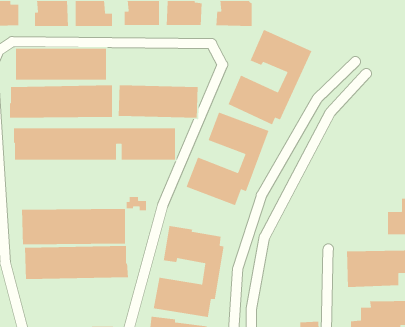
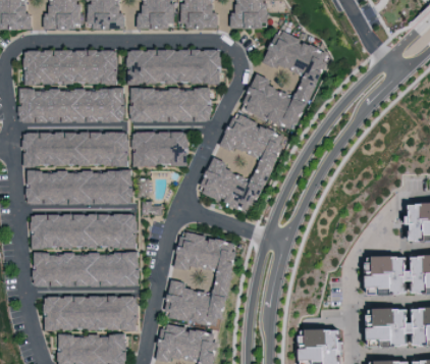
building: none -> [125,49,221,84]
building: none -> [24,170,132,204]
building: none -> [43,296,138,330]

